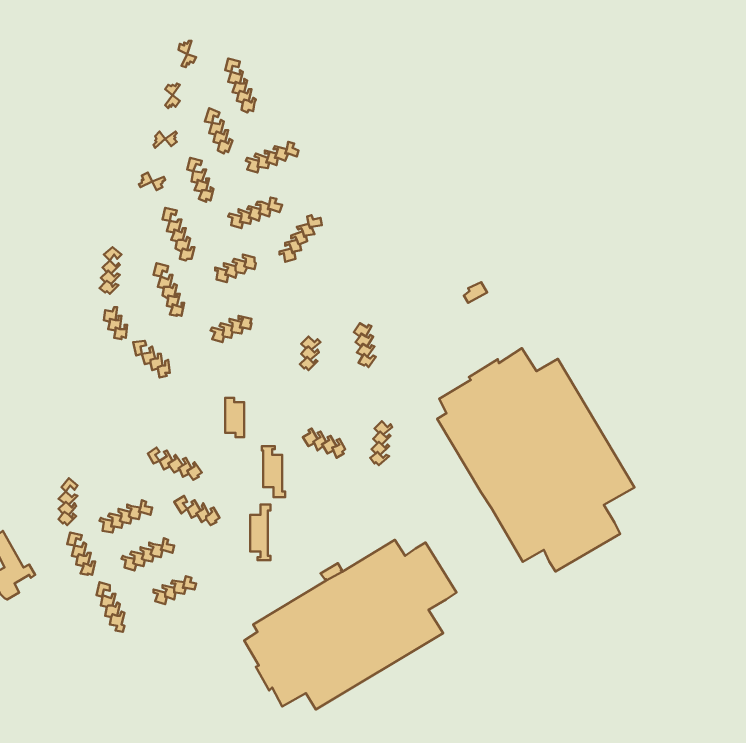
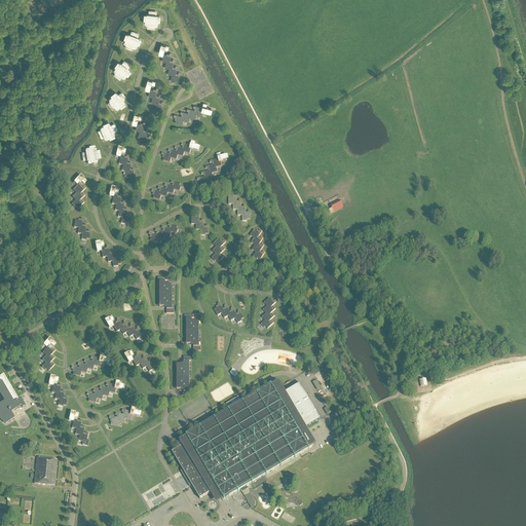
building: [437,348,634,571] -> none
building: none -> [33,455,55,484]

